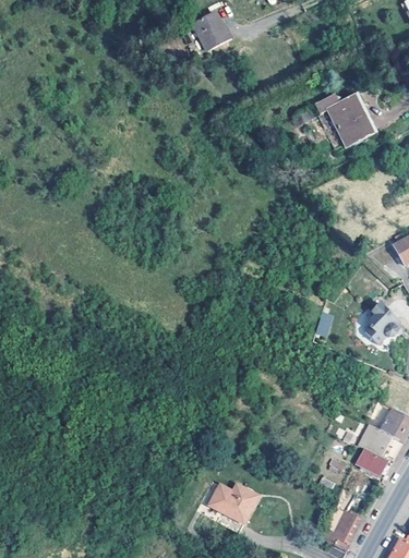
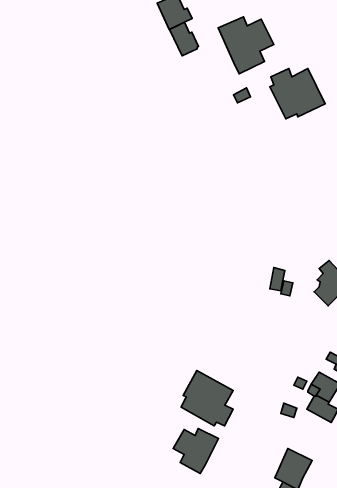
building: none -> [218,17,274,74]
building: none -> [170,22,199,56]
building: none -> [181,370,233,426]

